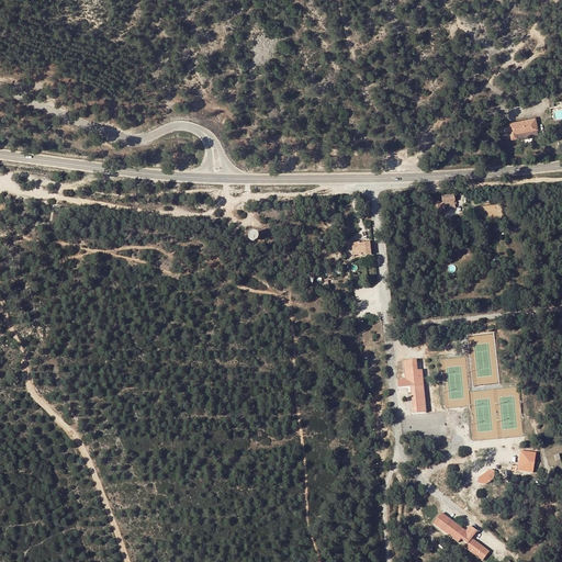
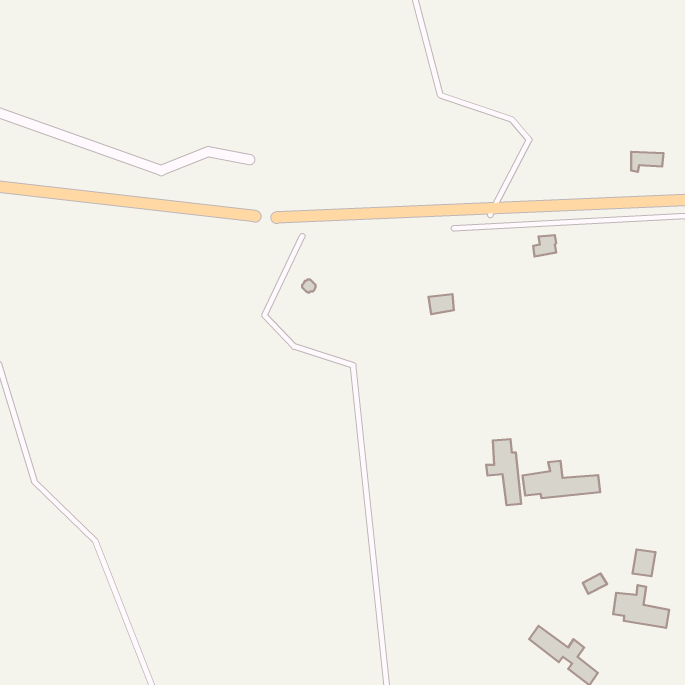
building: none -> [523,461,600,498]
building: none -> [613,585,669,628]

